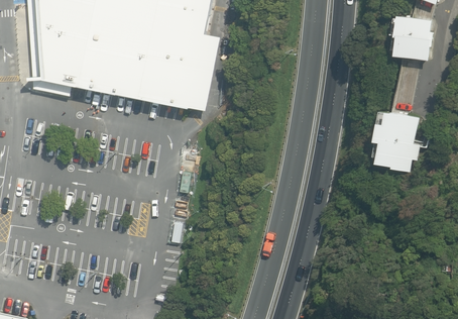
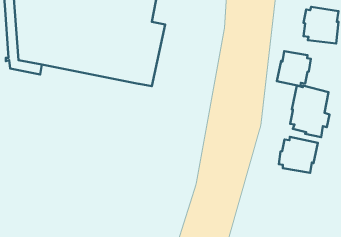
building: none -> [277,51,311,86]
building: none -> [279,137,318,173]

